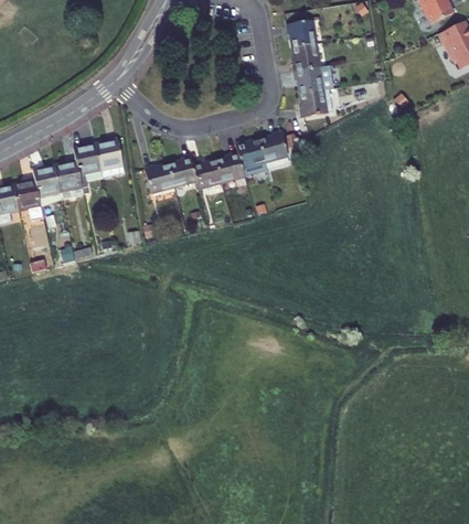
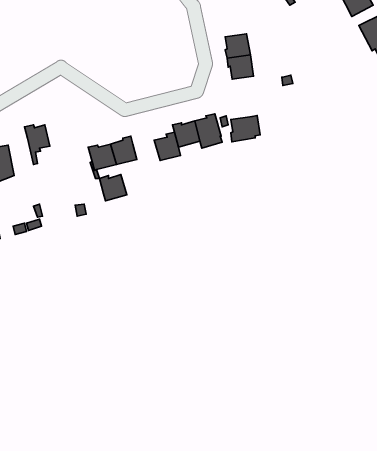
building: [287,20,316,47] -> none
building: [300,89,332,118] -> [231,116,260,142]
building: [96,137,128,177] -> none
building: [56,158,85,199] -> none
building: [192,160,222,189] -> [99,175,127,201]

